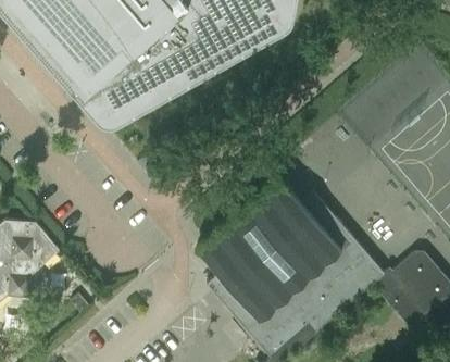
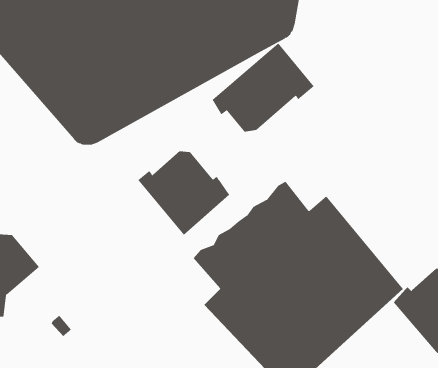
building: none -> [212,43,315,132]
building: none -> [138,150,230,235]

